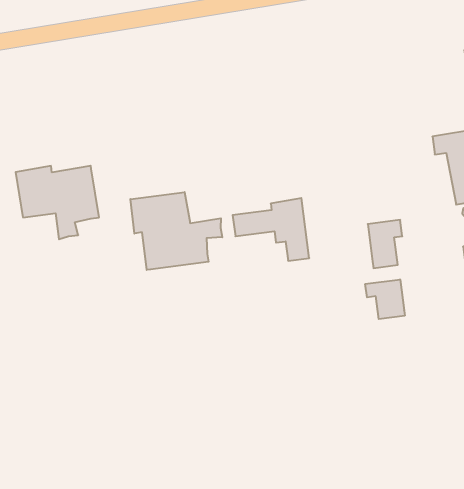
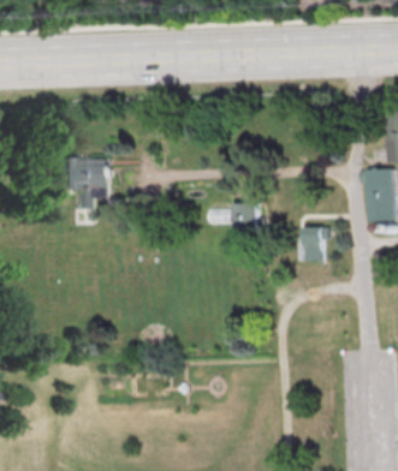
building: [130,192,222,270] -> none
building: [365,279,405,319] -> none

